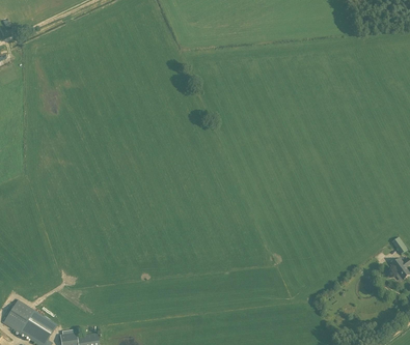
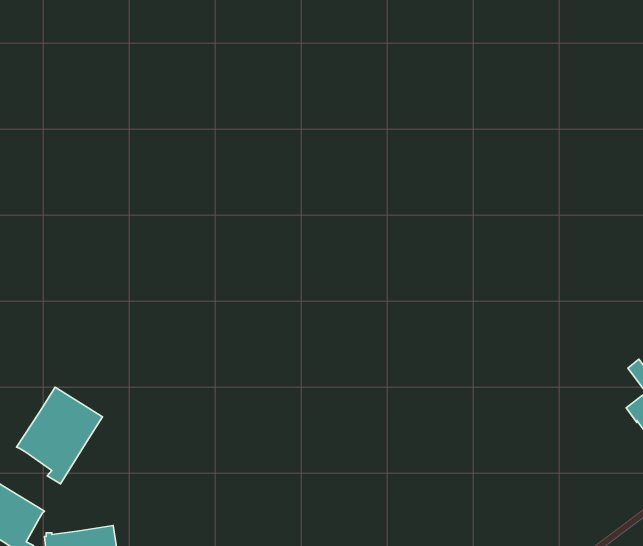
building: none -> [16,387,103,484]

